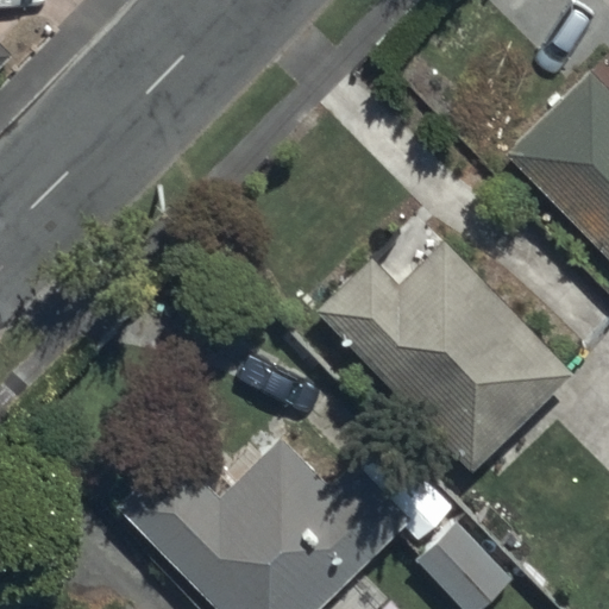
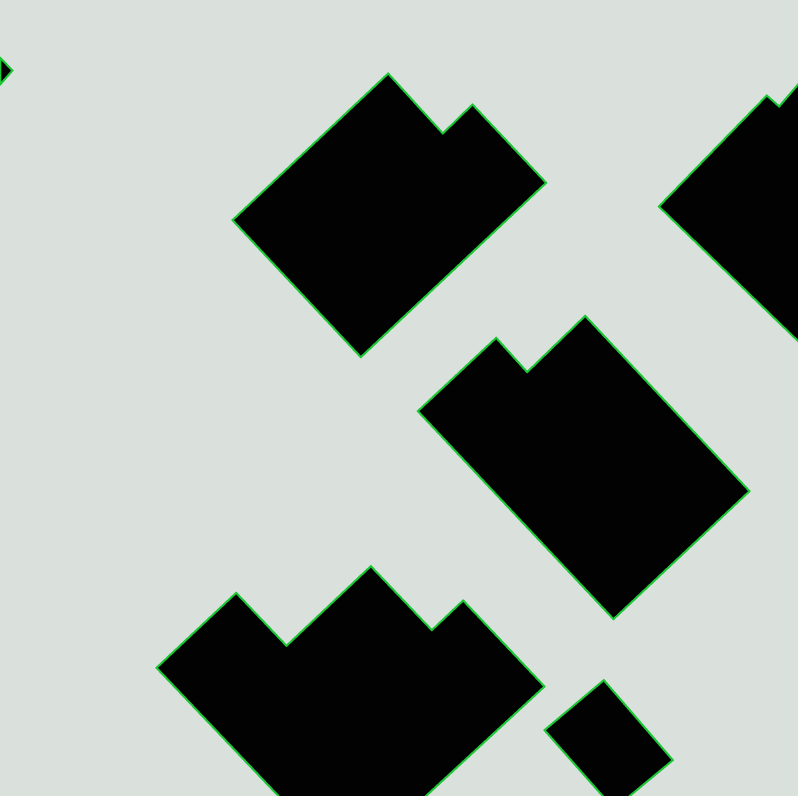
building: none -> [232,74,546,357]

